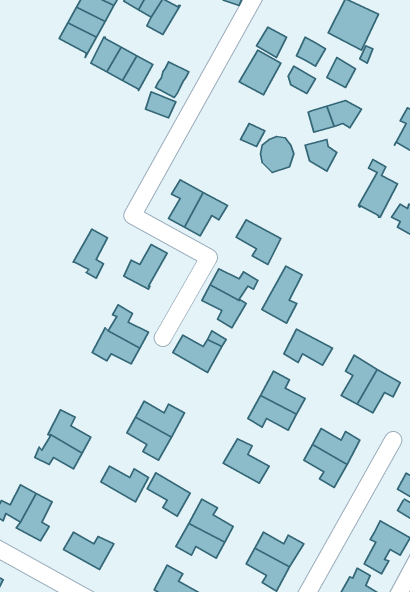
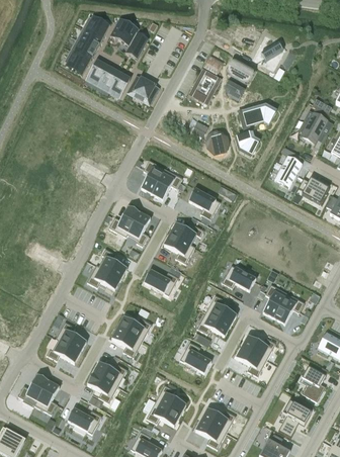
building: [73,229,108,278] -> [126,211,151,246]
building: [262,266,302,323] -> none
building: [147,473,190,516] -> [87,372,117,402]

